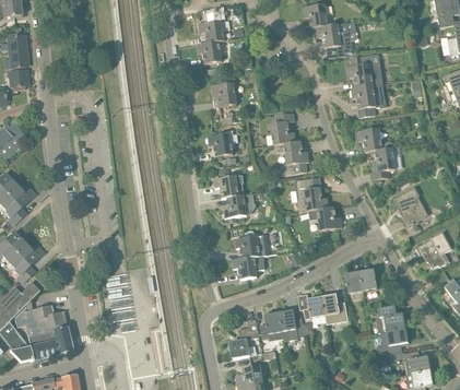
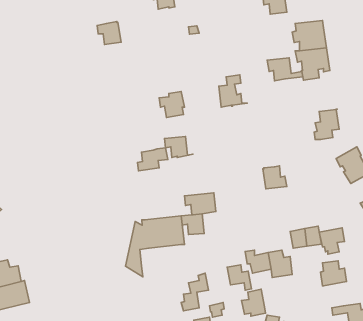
building: [198,40,223,64] -> [97,21,121,44]
building: [212,83,238,106] -> none
building: [357,128,394,152] -> [267,58,303,81]
building: [280,141,309,175] -> none
building: [297,177,329,212] -> none
building: [223,193,255,217] -> [137,148,168,171]
building: none -> [125,216,184,277]
building: [259,312,284,341] -> [241,289,266,316]
building: [380,328,406,355] -> [319,228,344,254]

